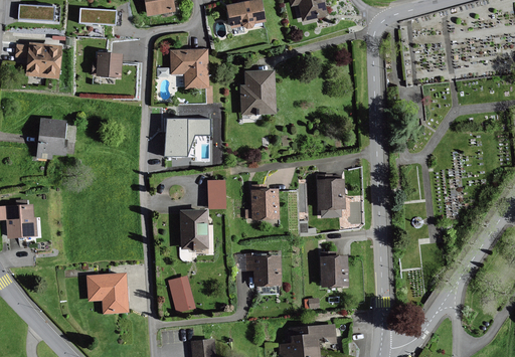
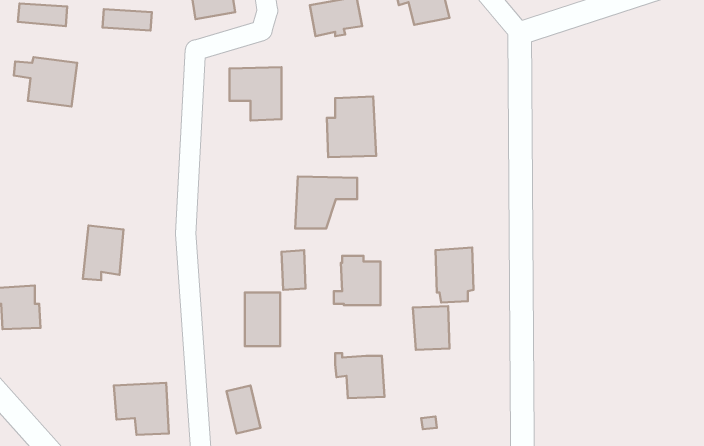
building: [92,52,122,77] -> none
building: [37,119,66,158] -> [83,225,124,280]
building: [164,119,208,156] -> [295,176,357,229]
building: [320,255,346,287] -> [413,306,450,350]

